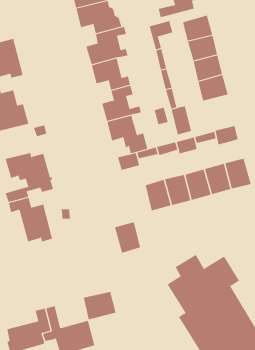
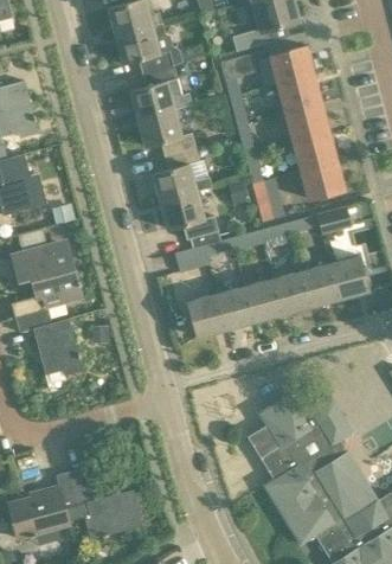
building: none -> [300,161,345,199]
building: [114,222,141,253] -> [186,293,225,339]
building: [83,291,116,320] -> none

